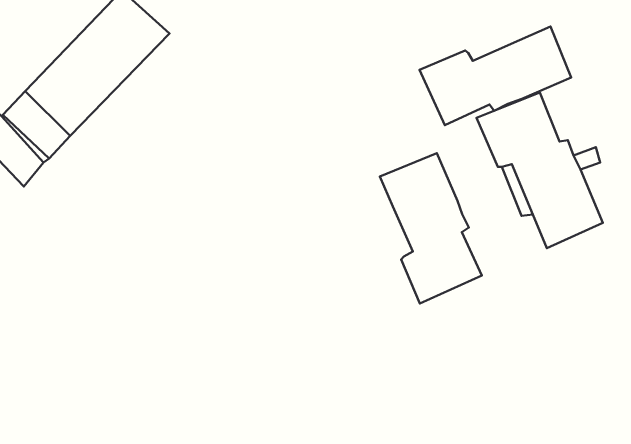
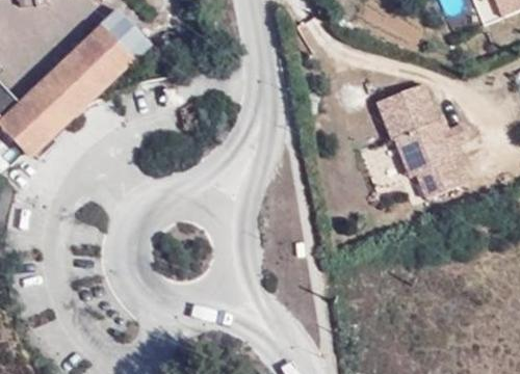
building: [419,27,571,125] -> none
building: [380,153,482,304] -> none

